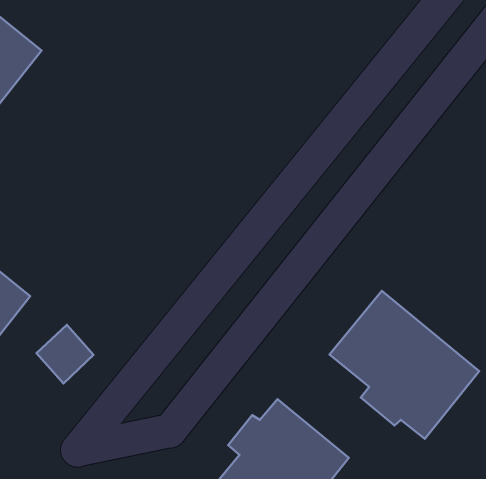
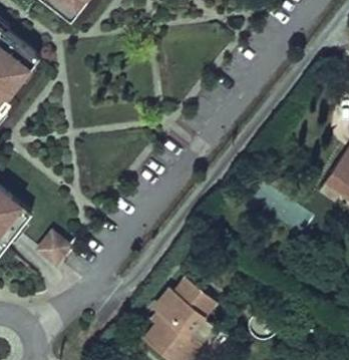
building: [330,291,479,439] -> none

